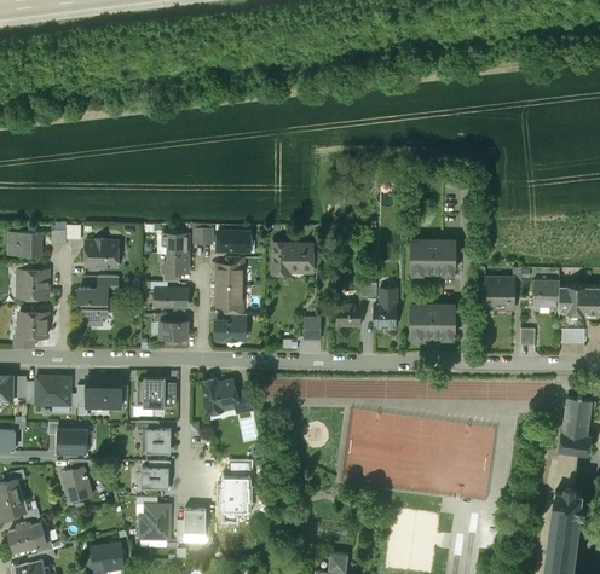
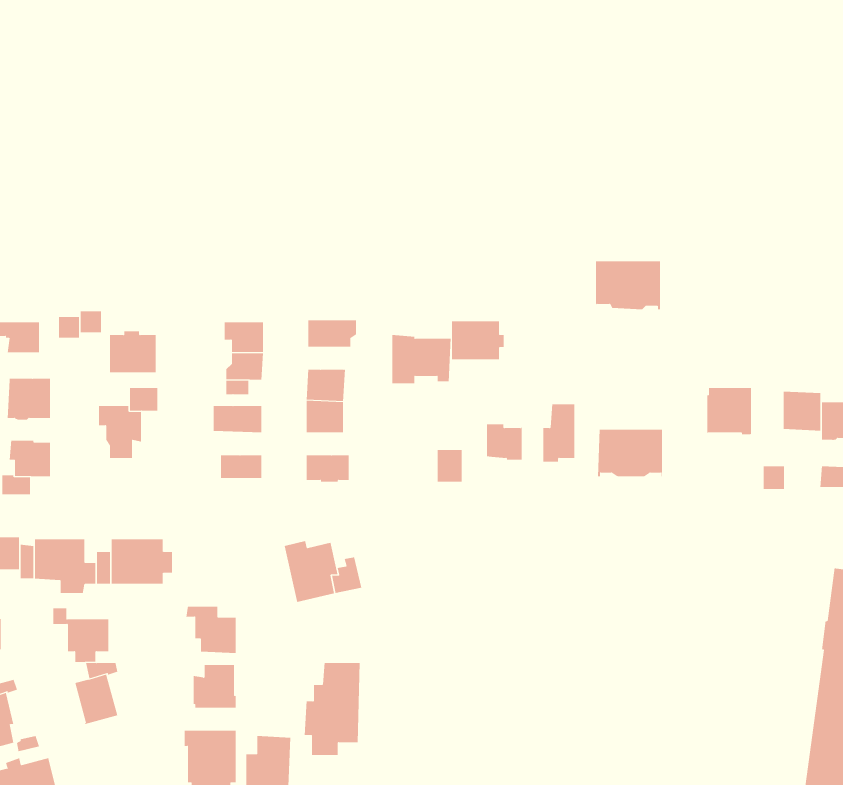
building: none -> [451,321,504,360]
building: [411,239,455,272] -> [595,261,661,310]
building: [138,378,177,407] -> none

